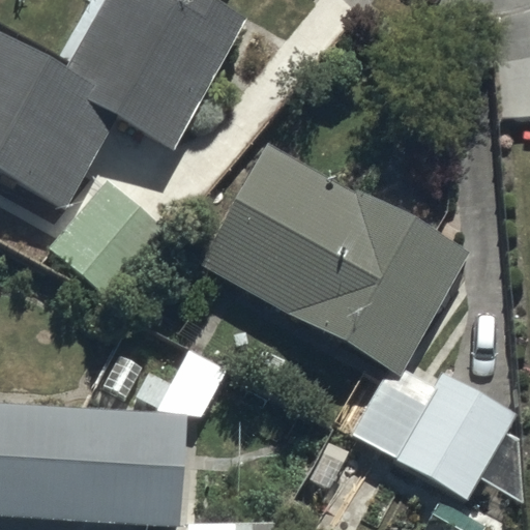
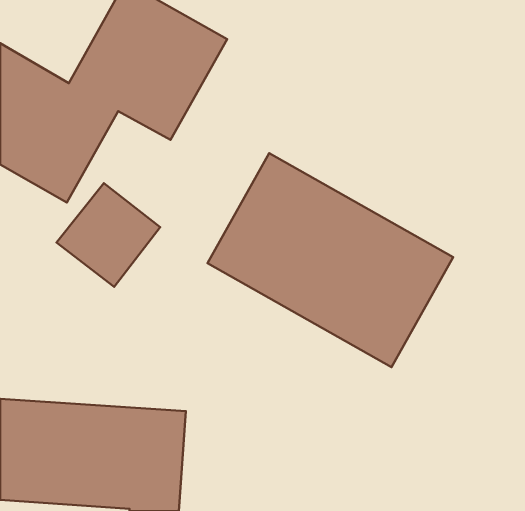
building: [404,388,506,493] -> none

